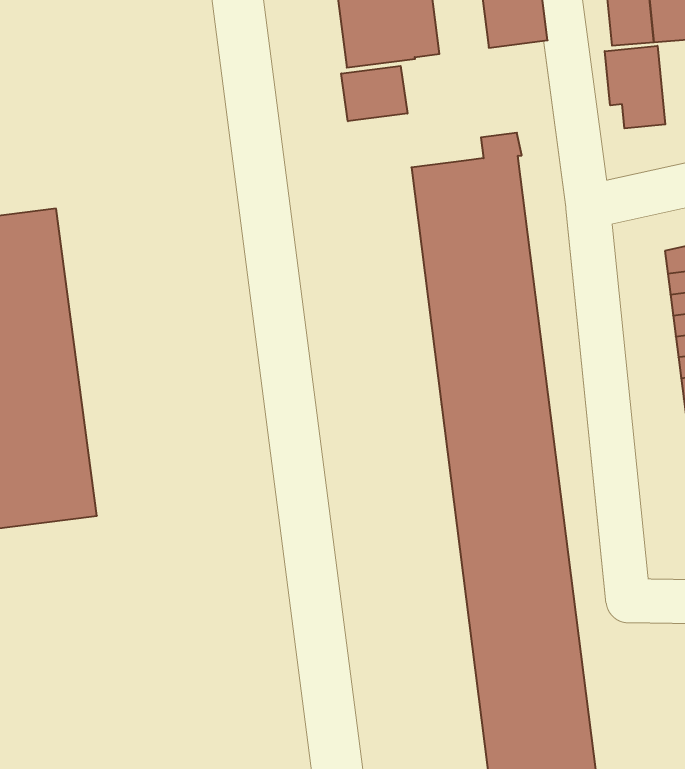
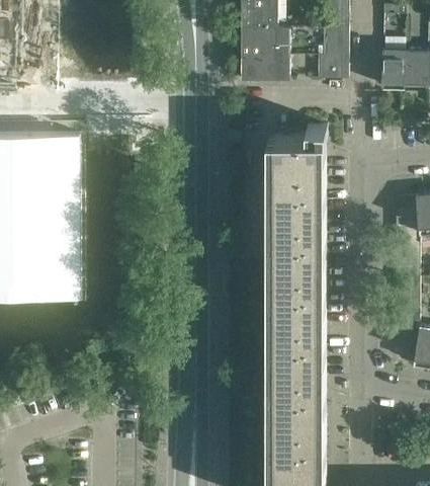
building: [605,46,665,128] -> none
building: [341,66,407,121] -> none

